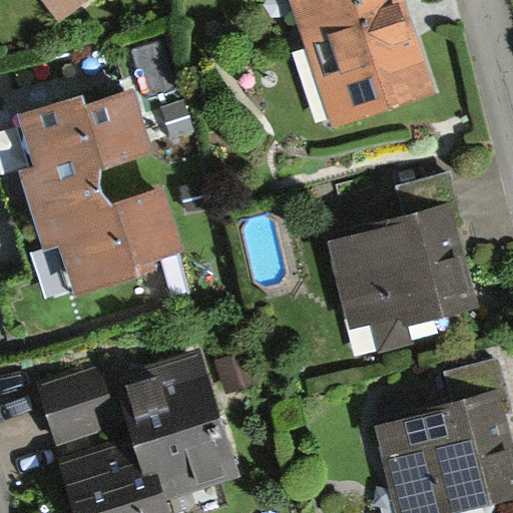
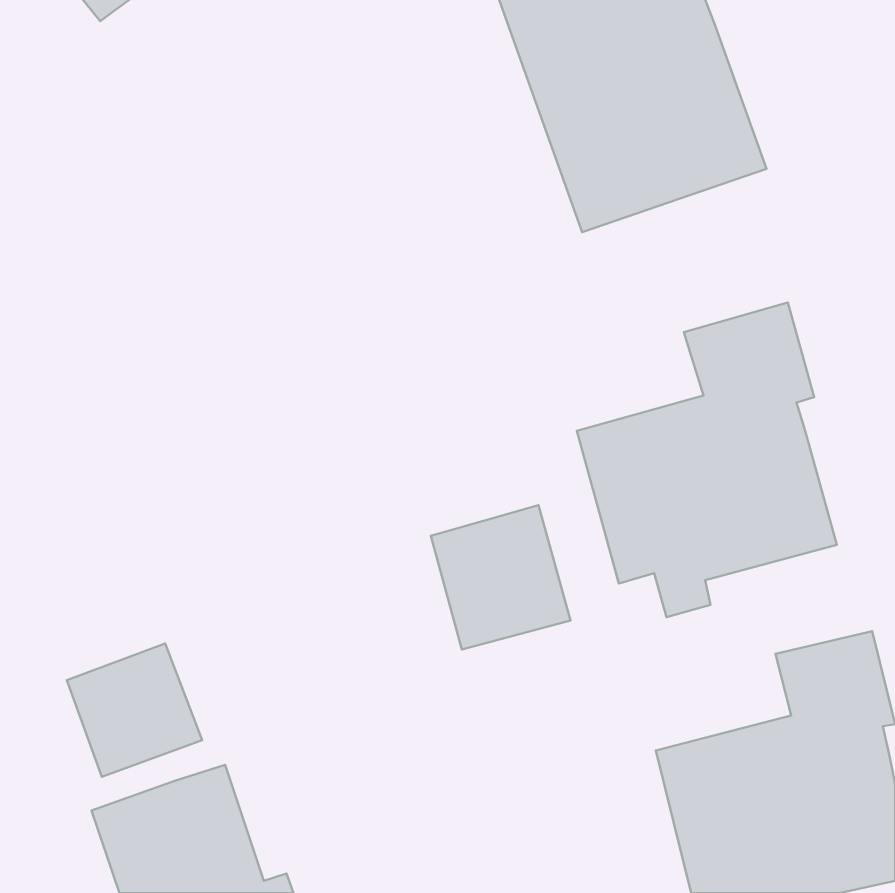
building: [15,88,181,298] -> none
building: none -> [431,505,570,649]
building: [110,351,240,502] -> none

